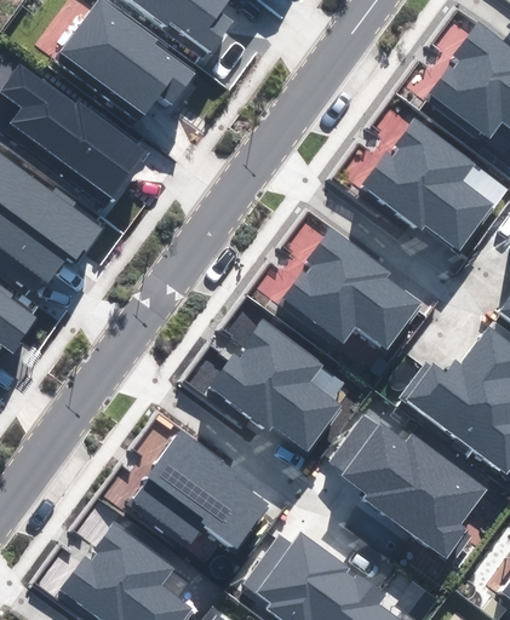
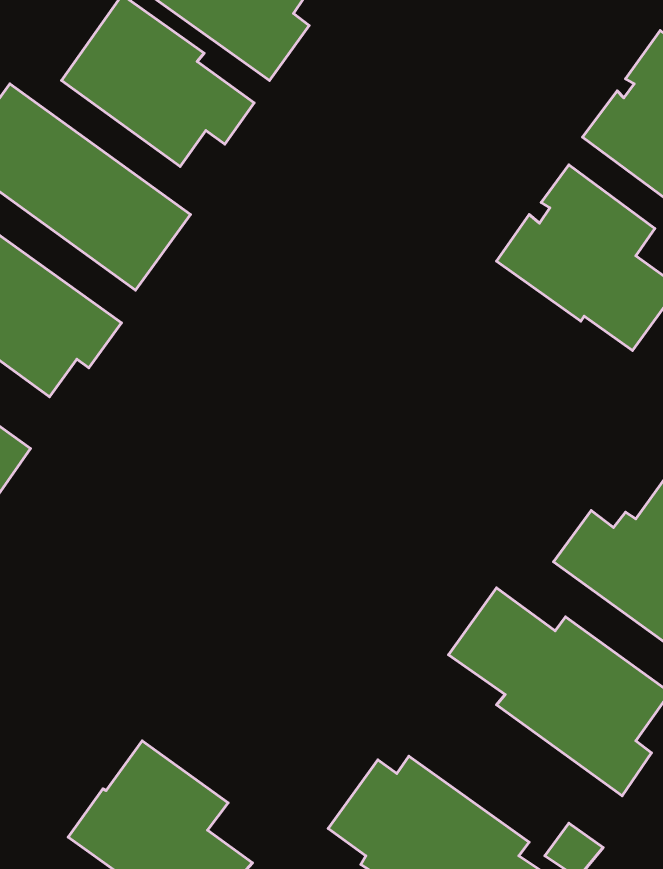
building: [280,230,423,350] -> none
building: [210,321,339,448] -> none
building: [134,435,269,549] -> none

